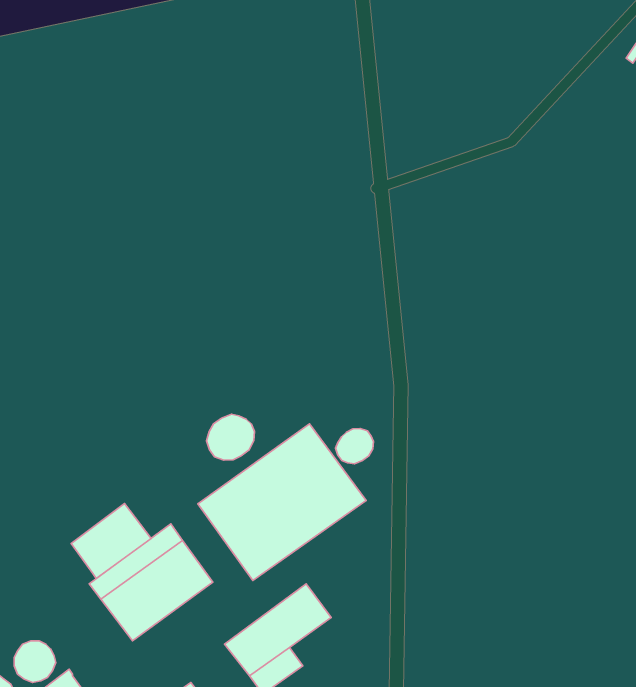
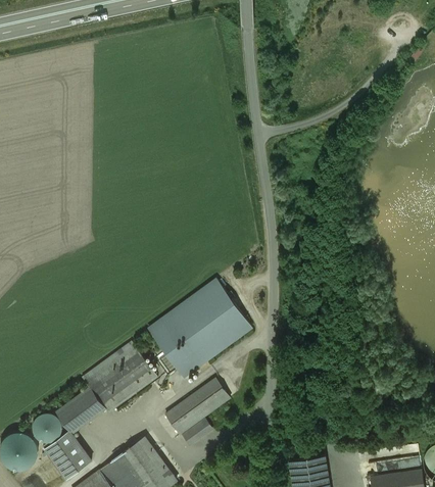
building: [206,414,255,460] -> none
building: [336,428,374,464] -> none
building: [71,503,151,579] -> [56,387,105,433]

